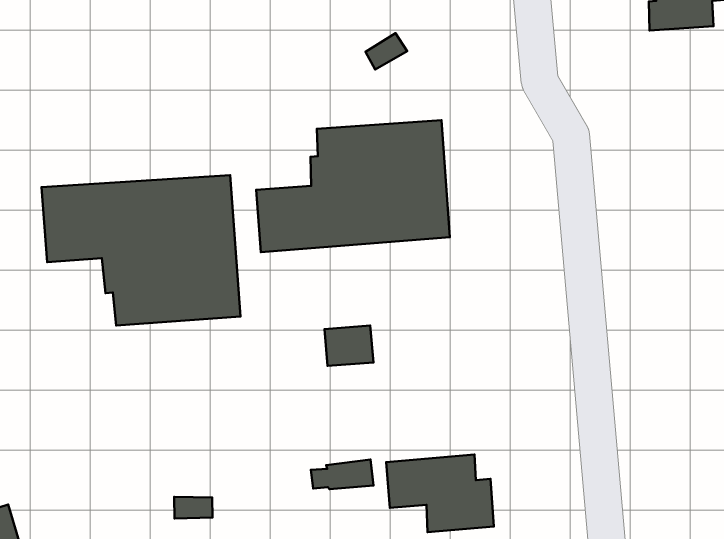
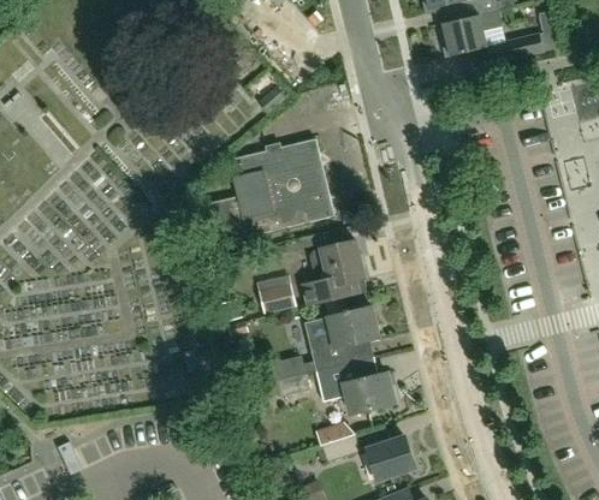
building: [42,175,240,325] -> none
building: none -> [303,239,364,305]
building: none -> [303,306,378,371]

